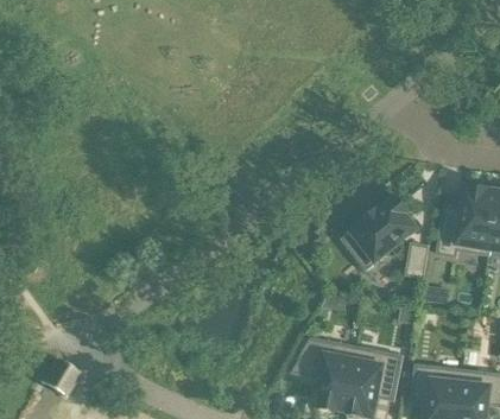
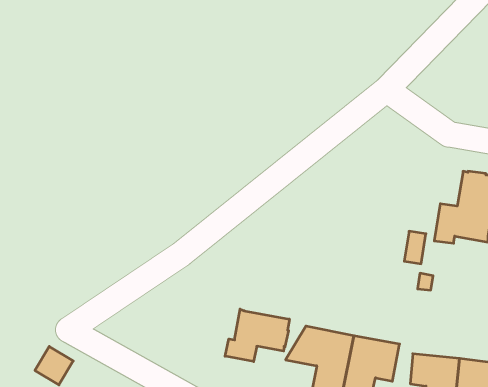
building: [343,198,418,271] -> none
building: none -> [225,309,289,362]

